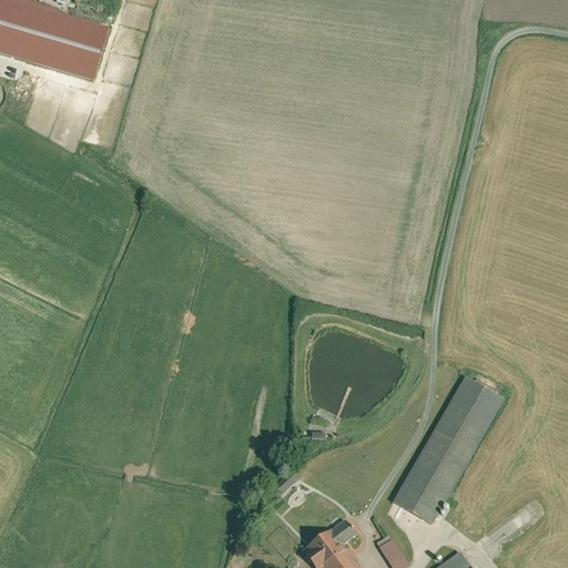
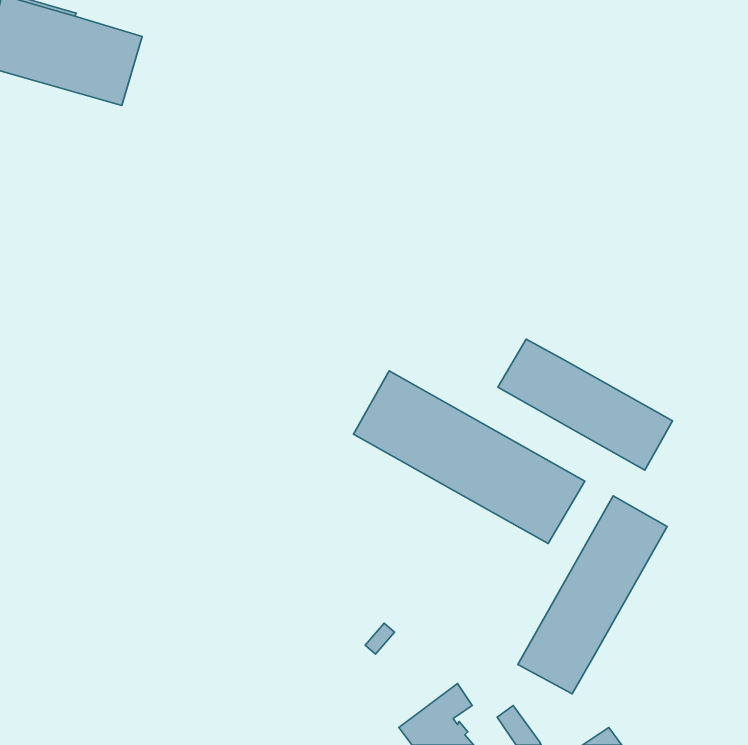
building: none -> [498,339,672,470]
building: none -> [353,371,585,543]

